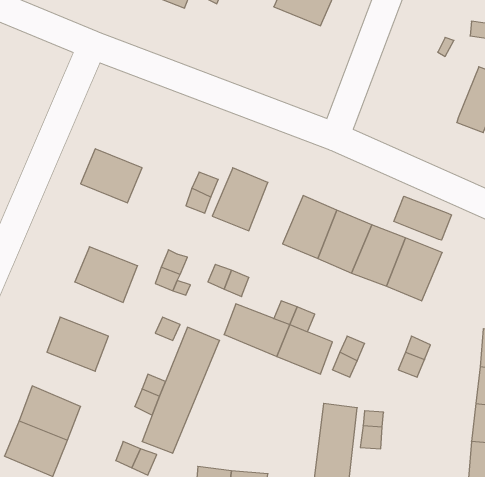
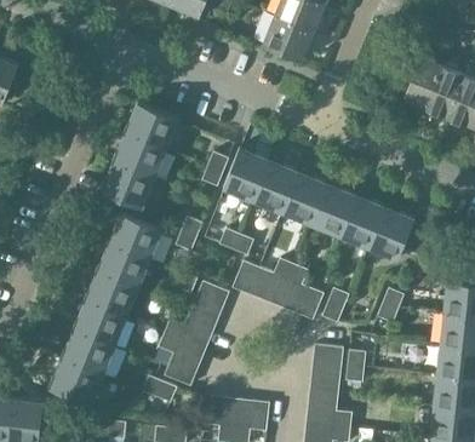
building: none -> [262,16,313,62]
building: none -> [404,57,443,108]
building: none -> [126,104,177,149]
building: none -> [253,161,298,212]
building: none -> [102,162,153,207]
building: [394,196,452,240] -> none
building: none -> [97,243,149,288]
building: none -> [74,302,126,346]

